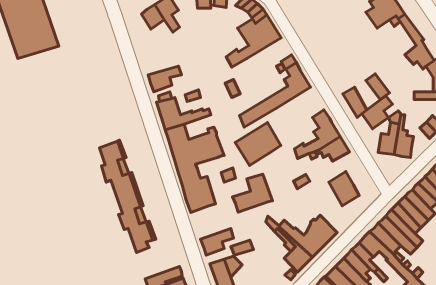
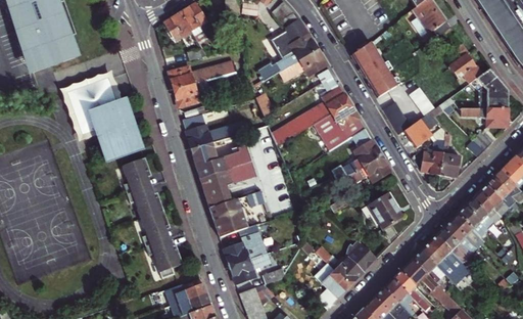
building: none -> [350,42,400,96]
building: none -> [280,49,326,81]
building: none -> [169,59,236,89]
building: none -> [65,78,140,158]
building: [235,123,281,165] -> [314,102,363,148]
building: [233,174,272,212] -> [224,225,267,266]
building: none -> [164,285,207,309]

